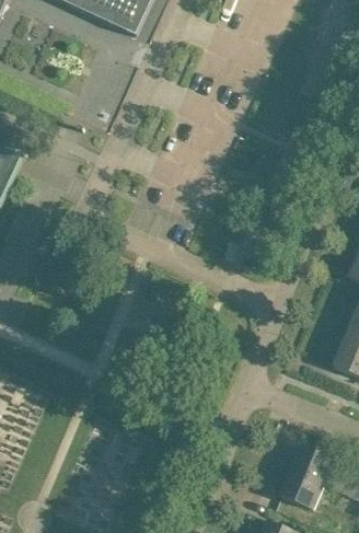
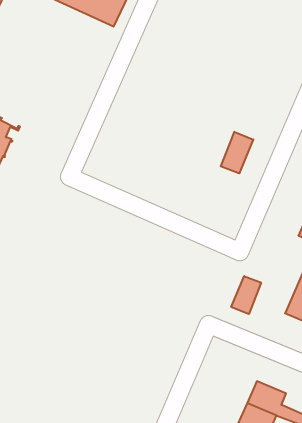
building: none -> [221,132,253,173]
building: none -> [231,276,261,314]

